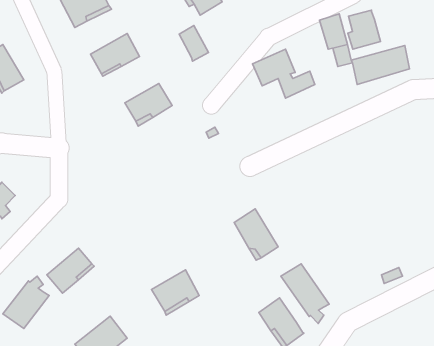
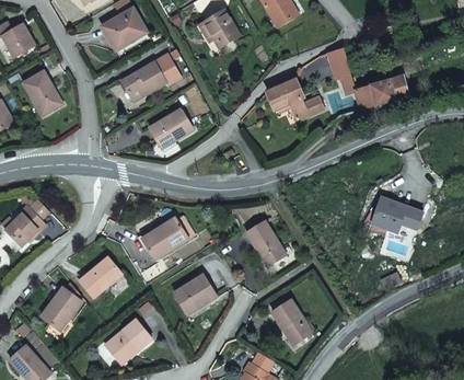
building: [348,10,380,49] -> none
building: [179,26,208,61] -> [153,55,179,87]
building: none -> [372,197,425,239]
building: none -> [142,215,196,258]
building: [281,264,329,323] -> none

